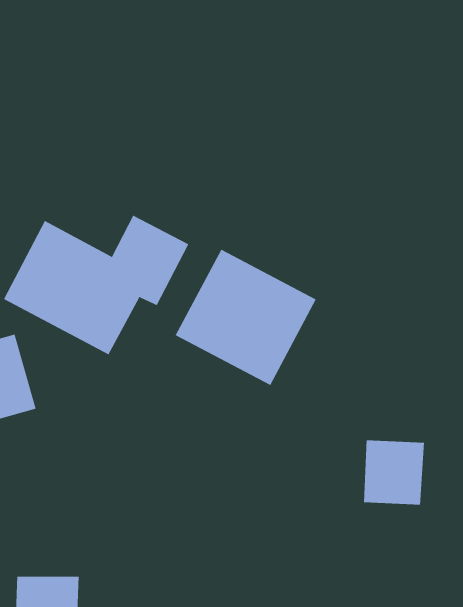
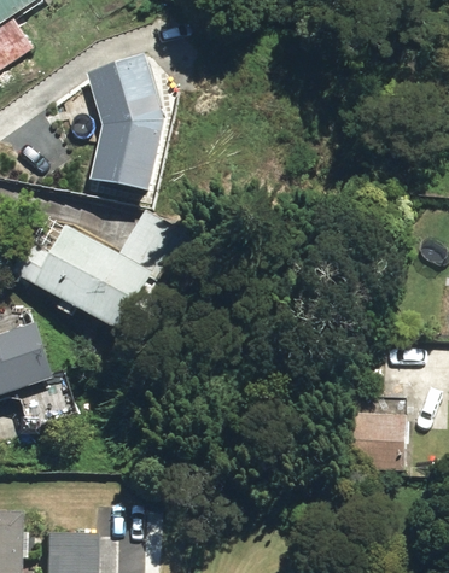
building: none -> [88,58,164,189]
building: [175,249,317,386] -> none

